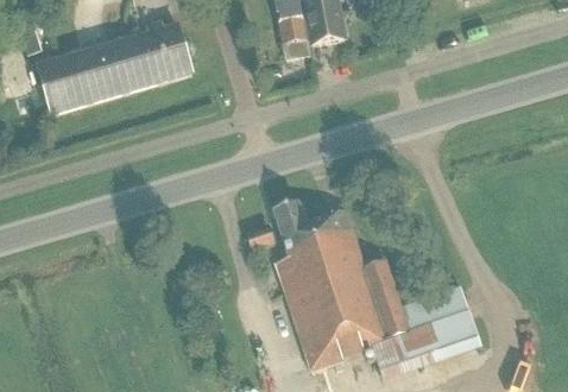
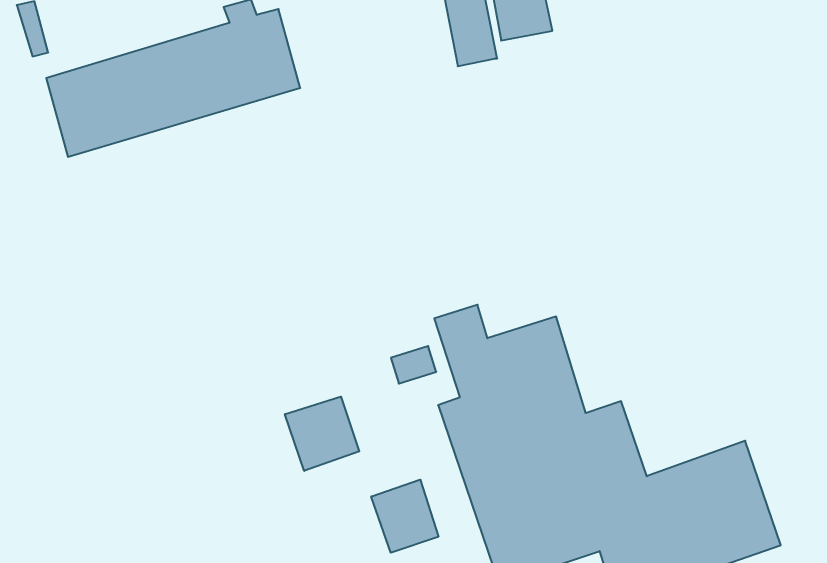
building: none -> [285,397,359,471]
building: none -> [371,480,438,553]

